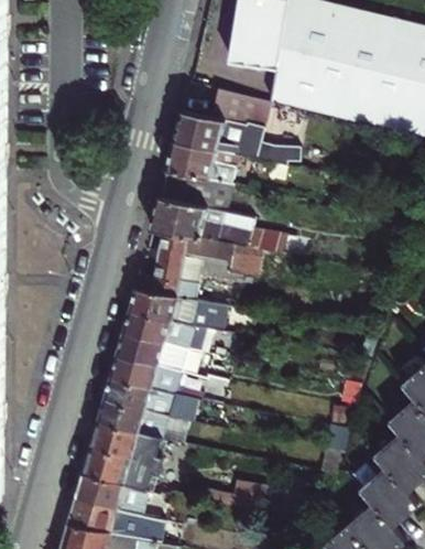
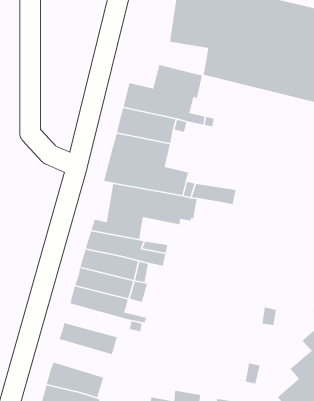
building: [102,377,173,417] -> none
building: [89,420,161,466] -> none

